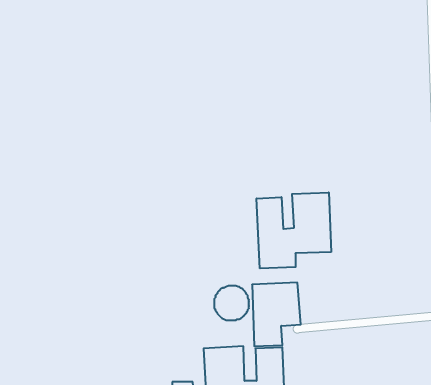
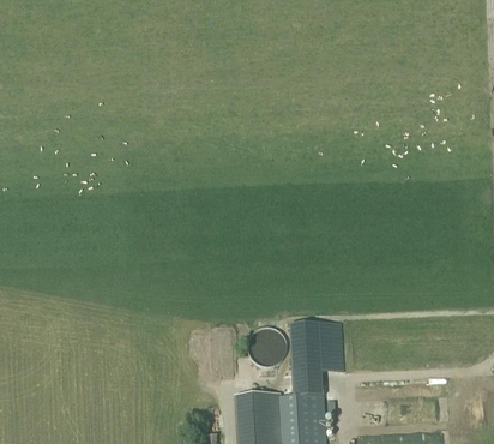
building: [257,192,331,268] -> none

